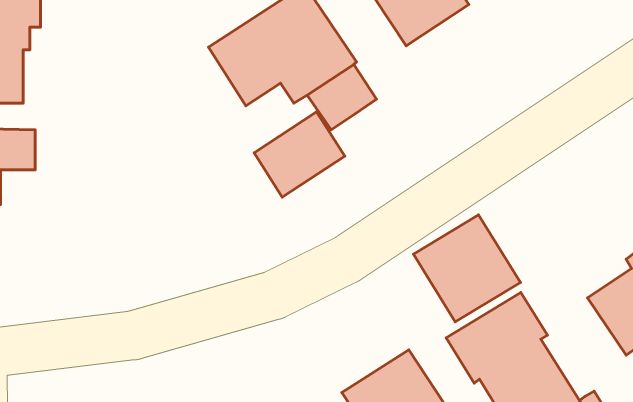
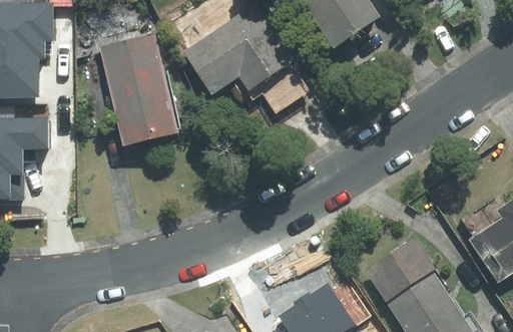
building: none -> [97,35,175,148]
building: [254,112,345,197] -> none
building: [413,215,520,322] -> none

